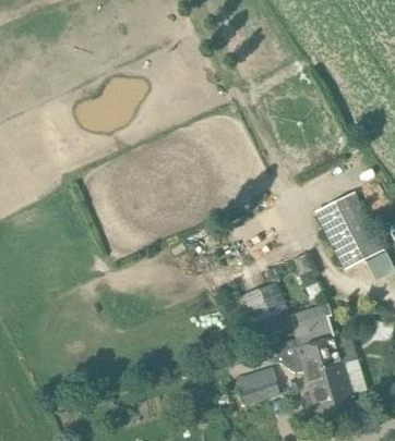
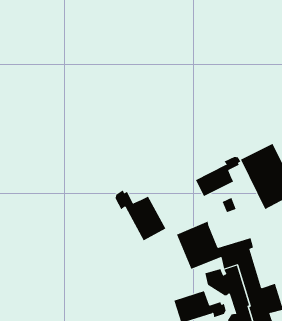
building: none -> [195,156,241,197]
building: none -> [115,190,166,241]

